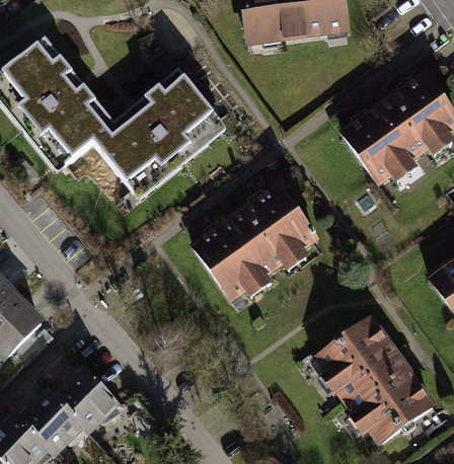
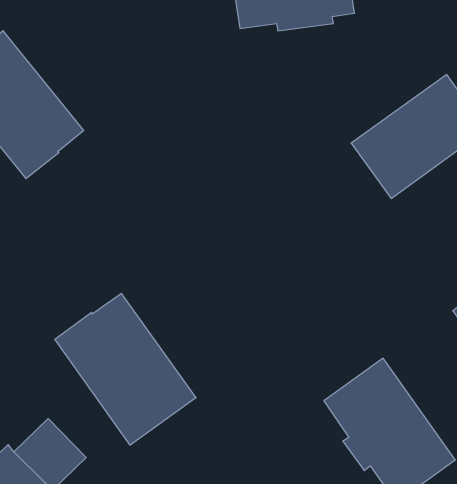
building: [92,70,219,189] -> none
building: [195,186,316,298] -> none
building: none -> [55,293,196,445]

